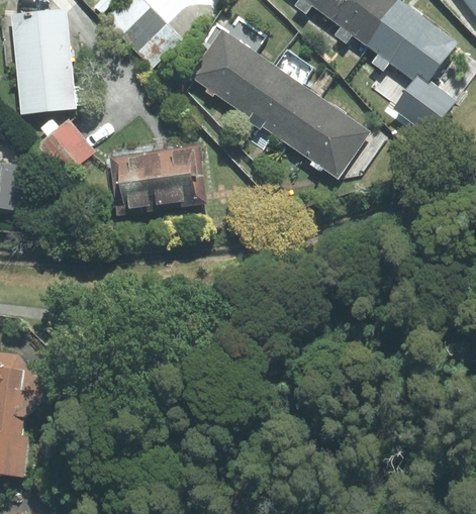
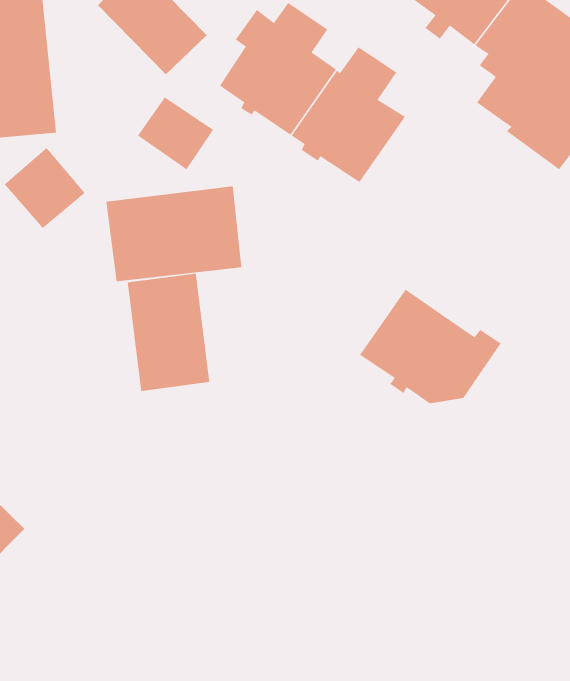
building: none -> [137,97,214,170]
building: [288,97,388,178] -> [359,289,501,404]
building: none -> [127,273,210,392]

